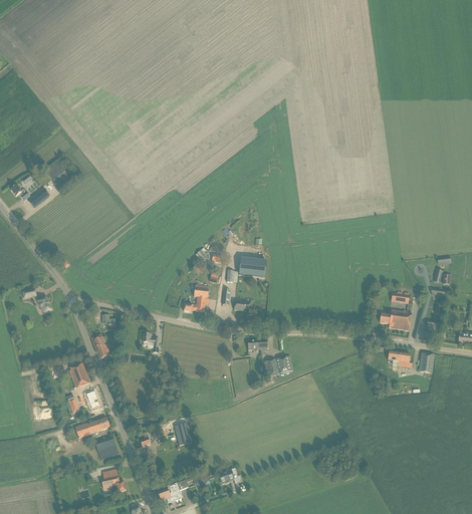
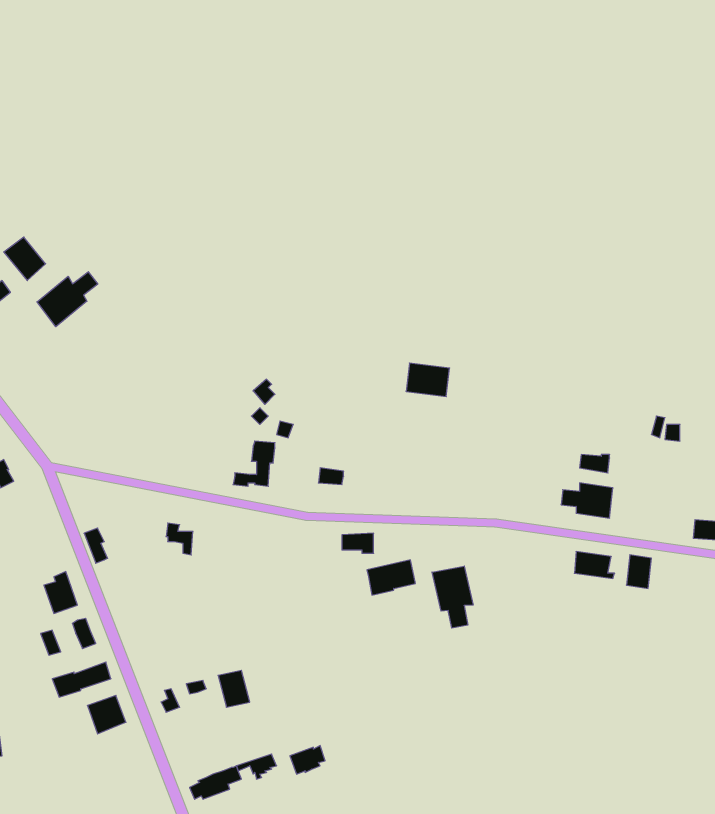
building: none -> [37,272,98,327]
building: [238,257,264,277] -> [406,363,450,397]
building: none -> [432,566,473,628]
building: [99,469,126,493] -> none

